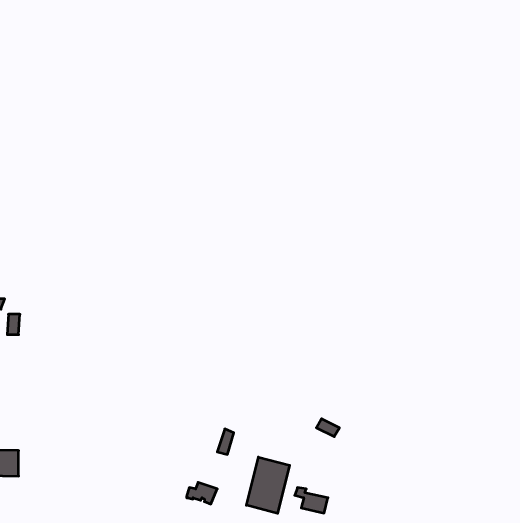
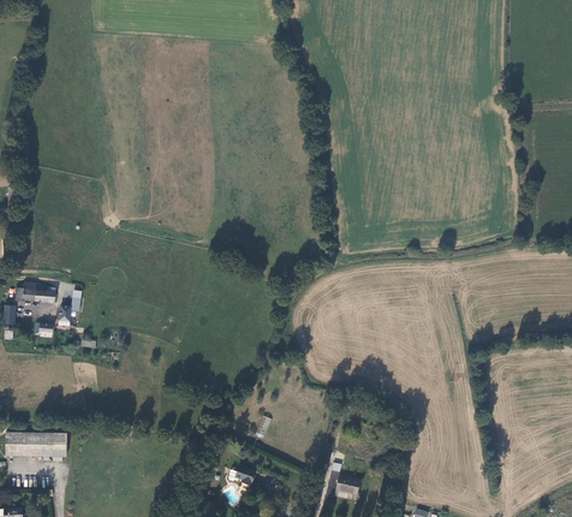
building: [246,457,290,513] -> none

